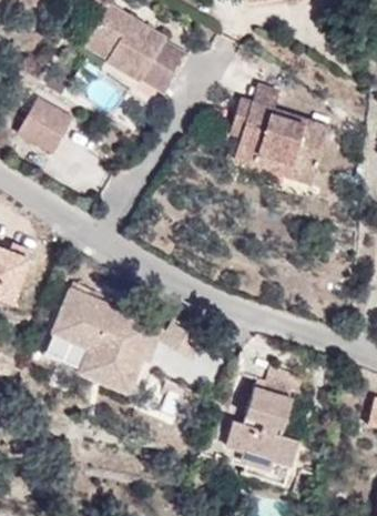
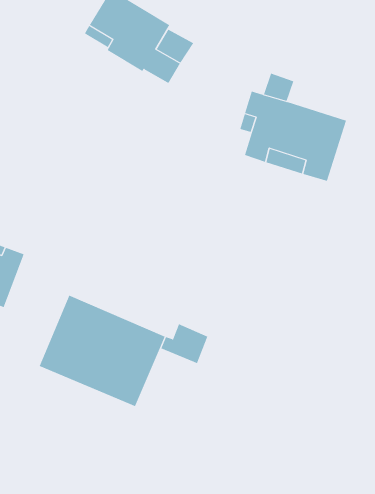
building: [17,99,73,154] -> none
building: [225,366,302,471] -> none

